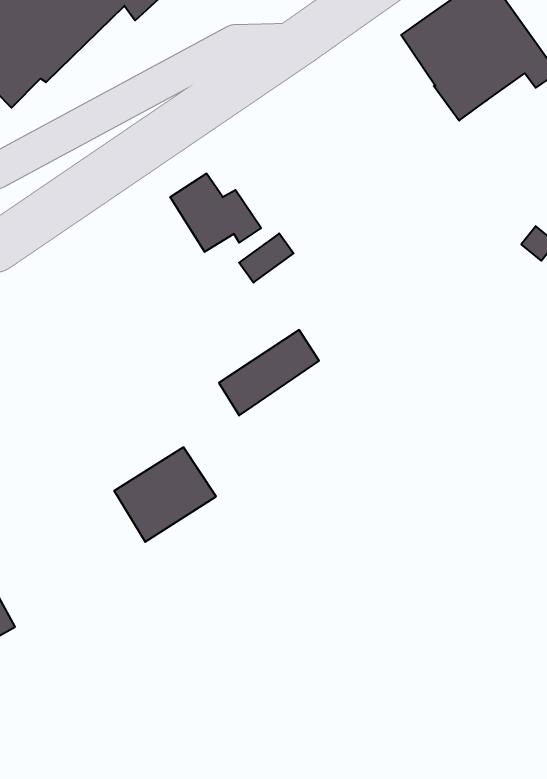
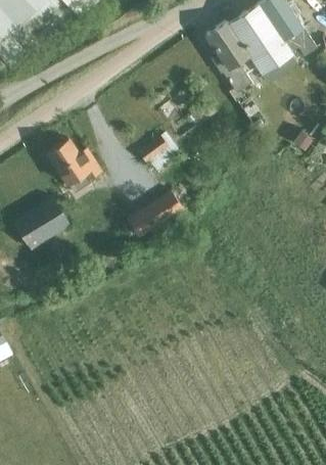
building: none -> [206,21,252,92]
building: [170,174,261,252] -> [47,137,98,181]
building: [114,447,216,542] -> [12,196,69,249]

